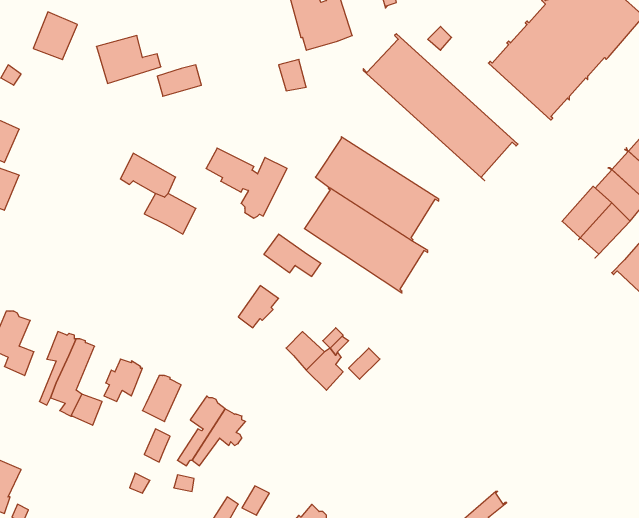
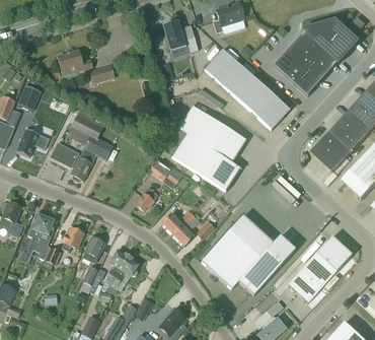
building: [33,12,77,60] -> [16,83,41,110]
building: [206,148,287,218] -> [51,142,95,181]
building: none -> [15,127,49,155]
building: none -> [201,214,295,294]
building: none -> [287,235,351,302]

